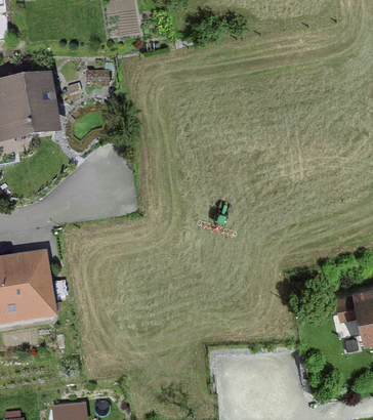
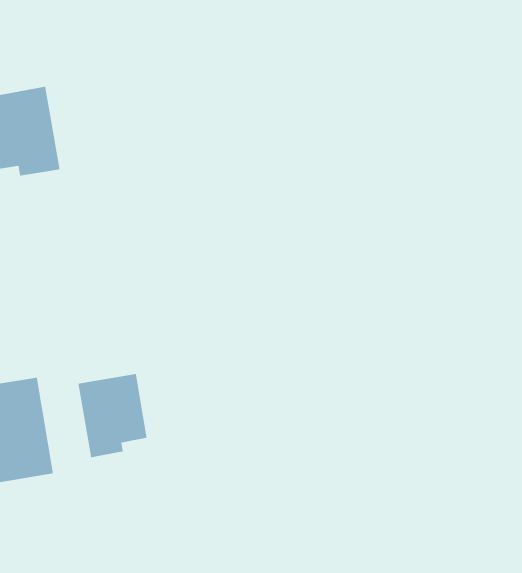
building: none -> [78,373,147,458]

